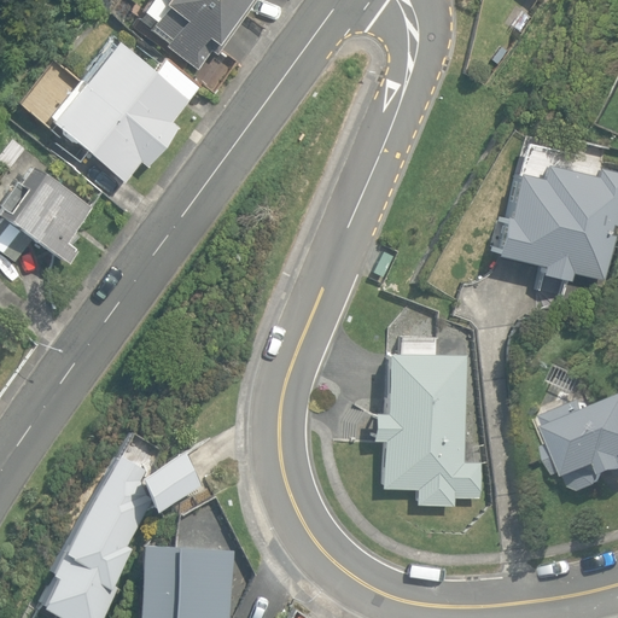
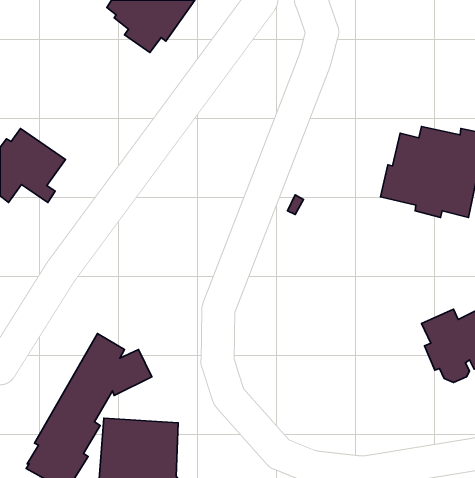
building: [18,40,200,179] -> none
building: [371,354,482,507] -> none

